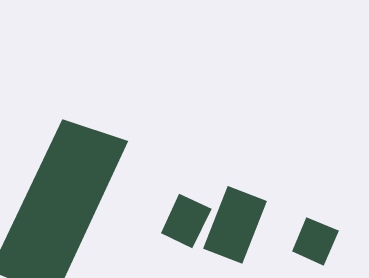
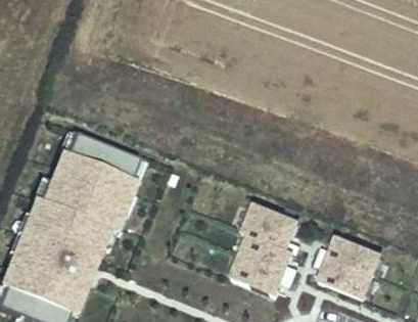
building: [160,193,212,249] -> none

